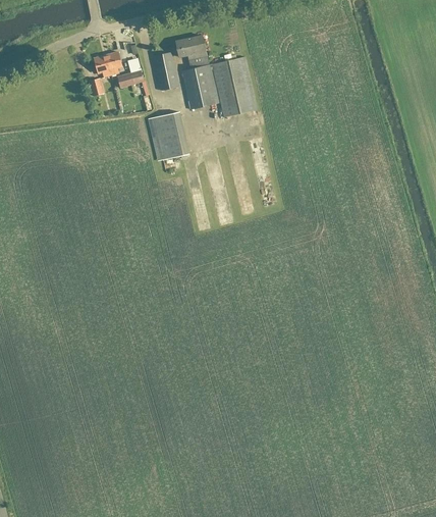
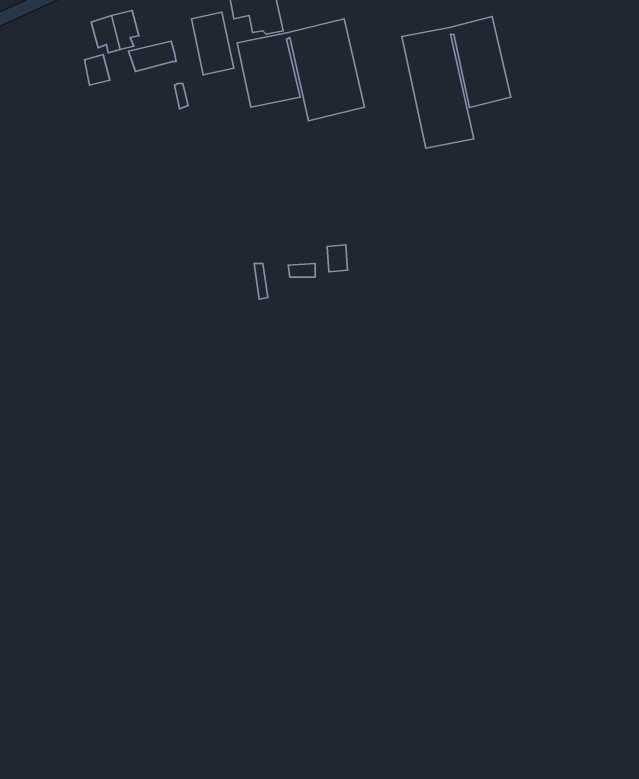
building: none -> [402,16,511,148]
building: [147,111,187,161] -> none

